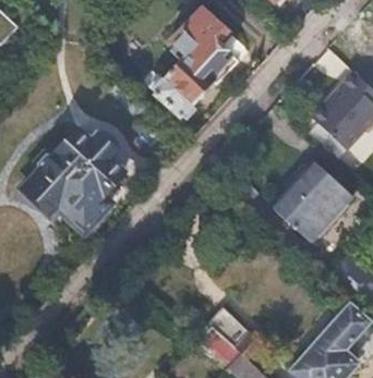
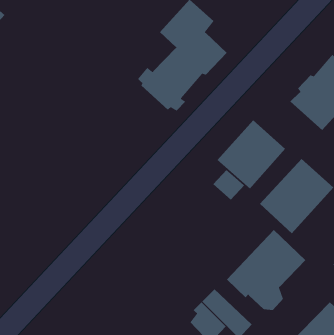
building: [20,123,123,227] -> none
building: none -> [216,119,286,190]
building: none -> [226,229,306,311]

